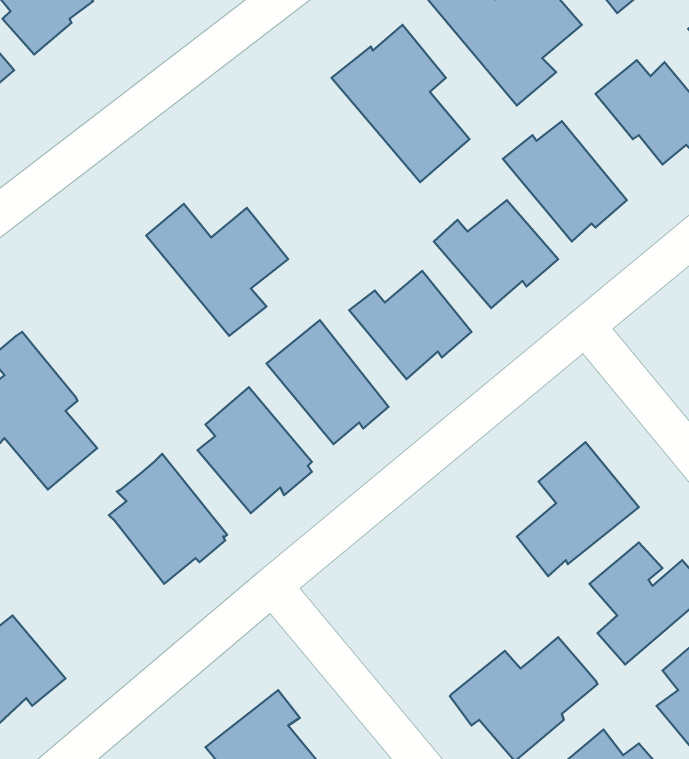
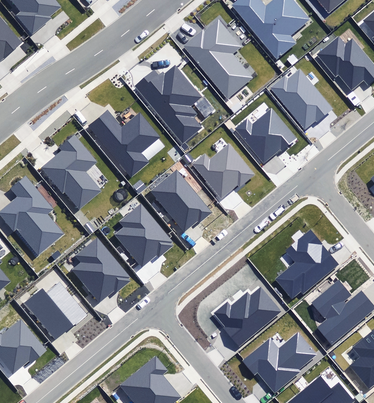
building: none -> [134,65,202,144]
building: none -> [40,135,101,209]
building: none -> [23,284,85,340]
building: none -> [212,284,283,348]

